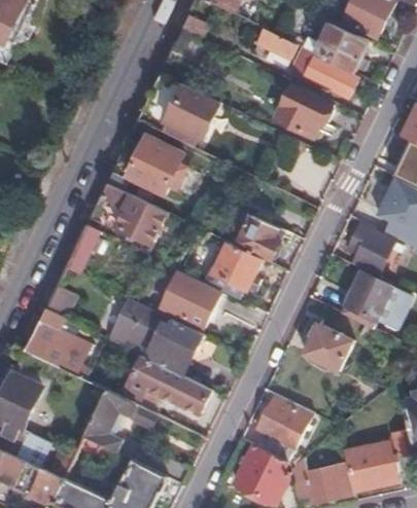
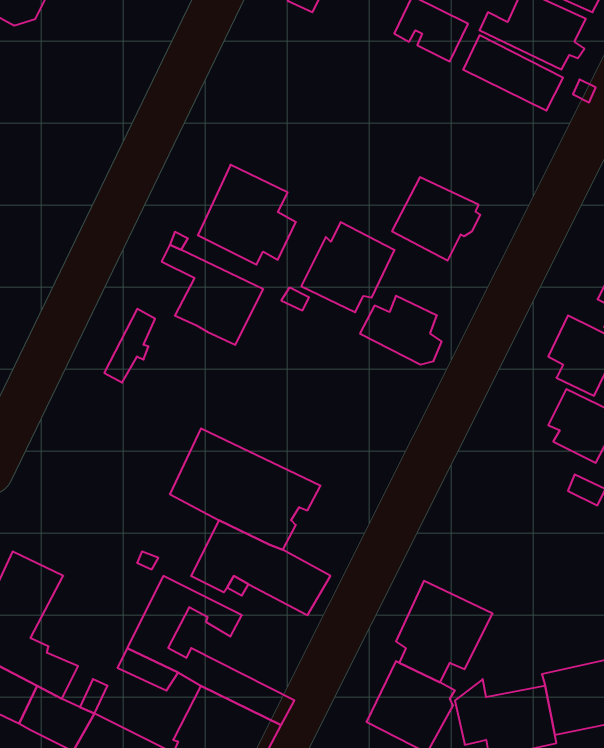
building: [162,84,218,141] -> none
building: [276,87,332,140] -> [392,177,480,261]
building: [202,241,260,297] -> [301,222,395,312]
building: [160,274,216,326] -> none
building: [22,293,86,378] -> none
building: [301,327,350,372] -> none

